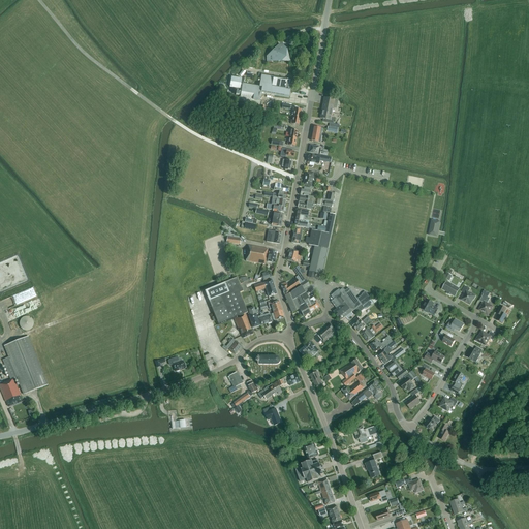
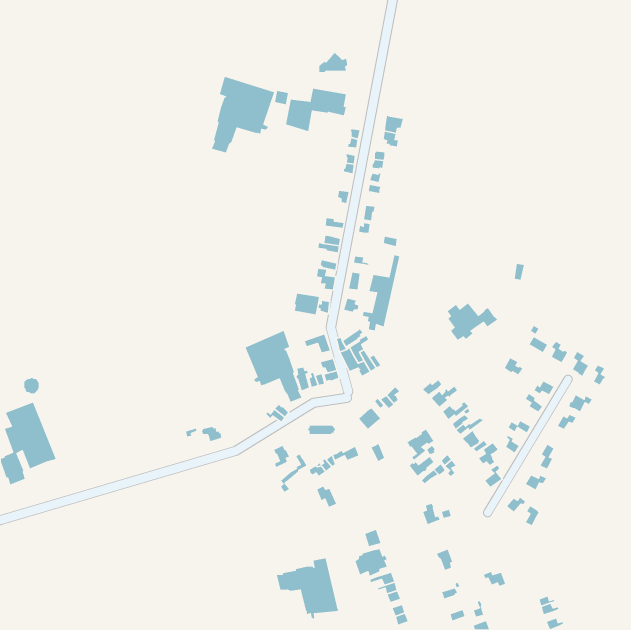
building: none -> [211,76,275,154]
building: [331,287,374,319] -> [446,303,498,341]
building: none -> [276,558,339,619]

